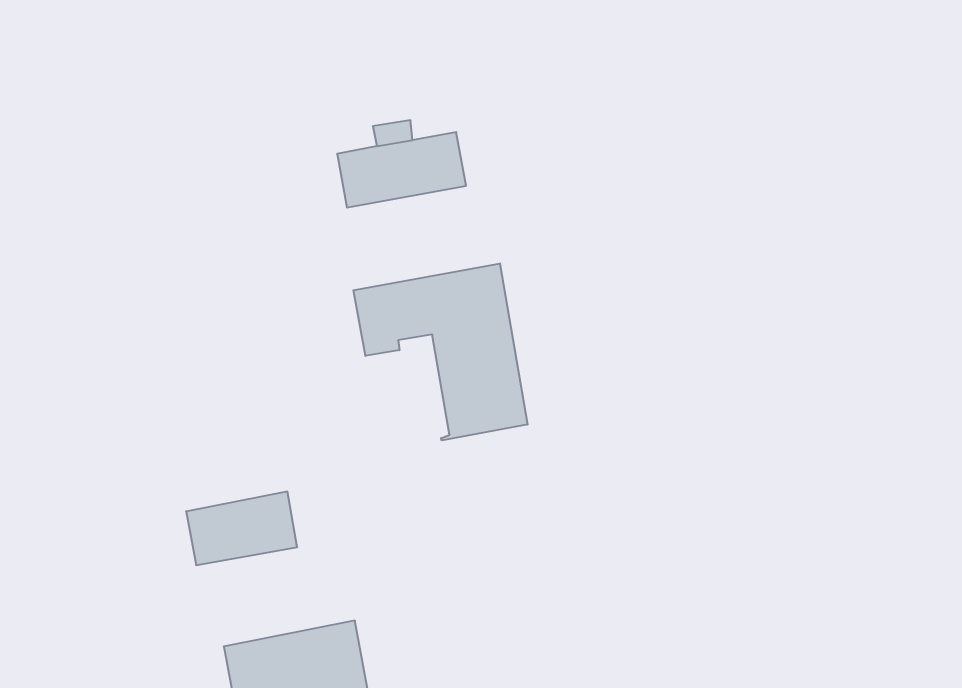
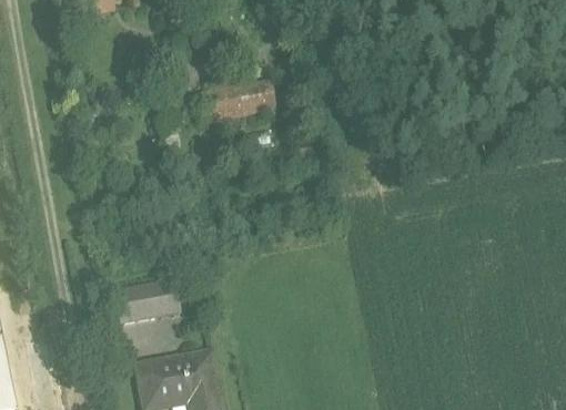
building: [353,263,528,440] -> none

